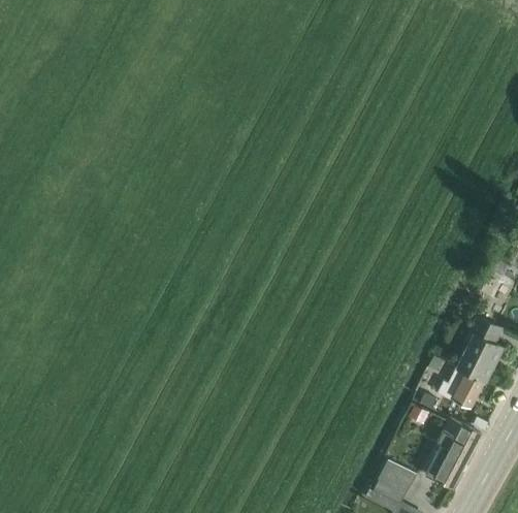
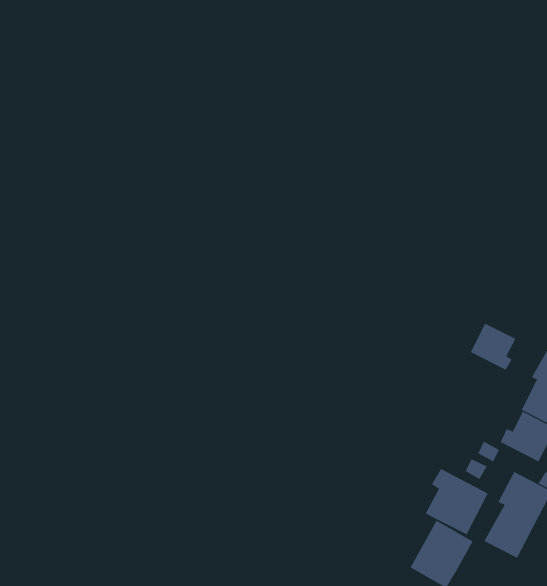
building: none -> [470,323,516,371]
building: none -> [425,468,489,535]

